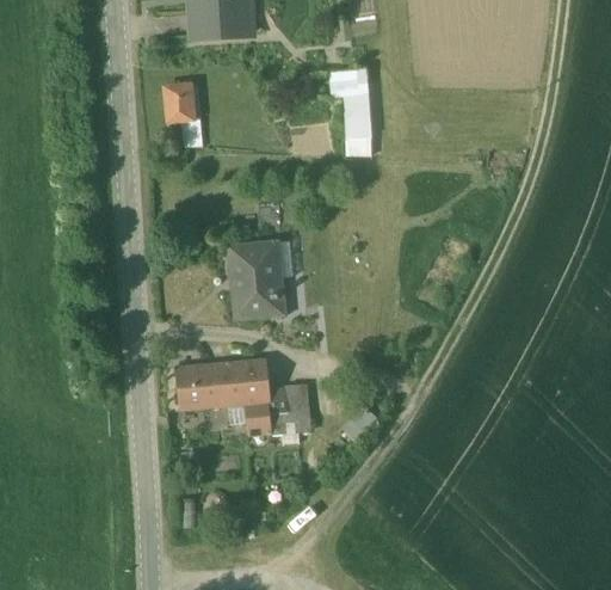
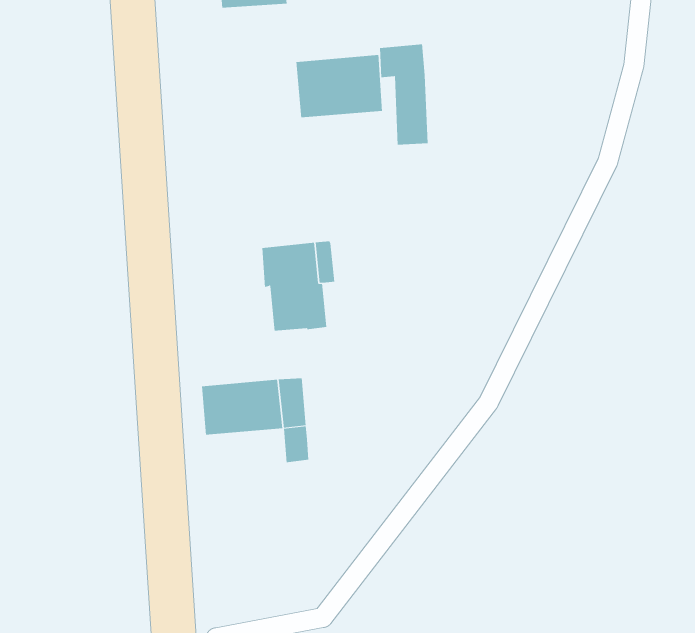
building: none -> [296,54,383,118]
building: [163,84,193,123] -> none
building: [269,383,309,434] -> none

